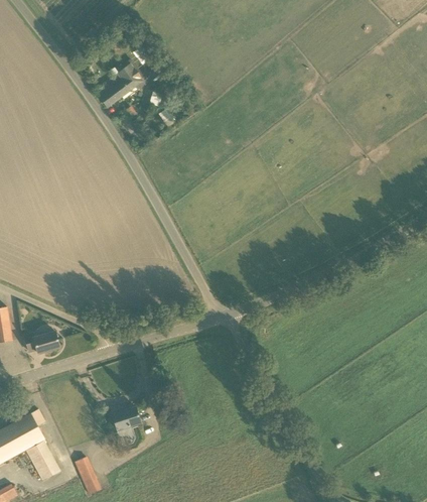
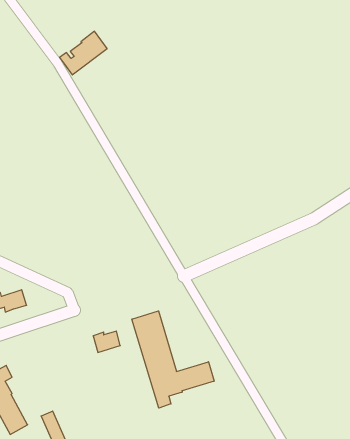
building: none -> [132,311,214,408]
building: [113,407,141,429] -> [93,331,120,352]

